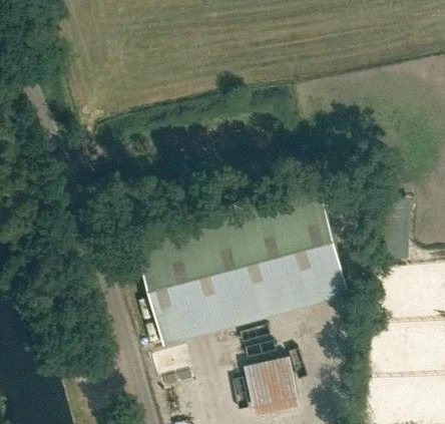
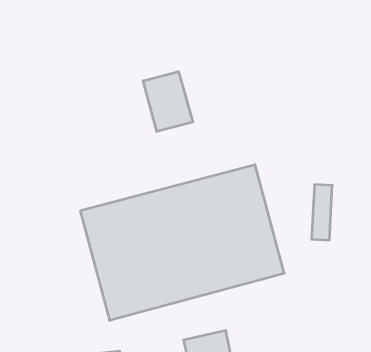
building: none -> [143,72,193,132]

